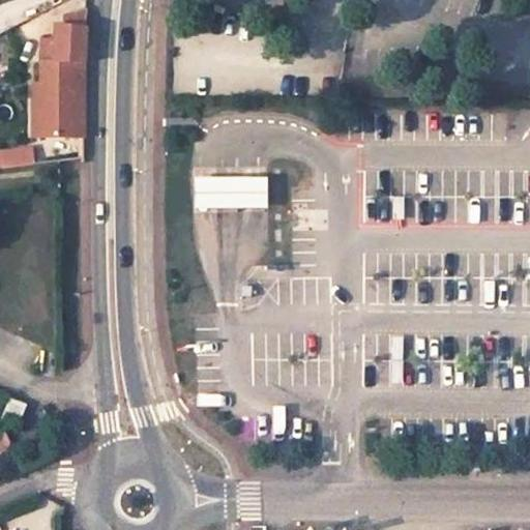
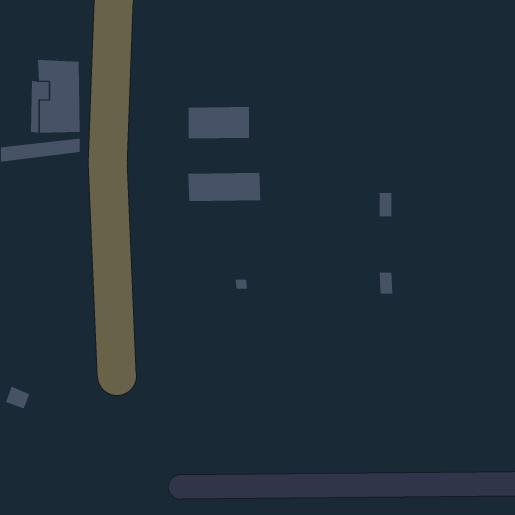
building: [38,8,86,63] -> none
building: none -> [188,106,250,139]

